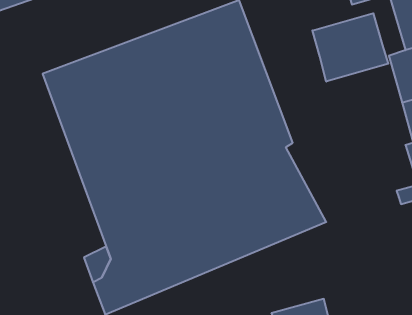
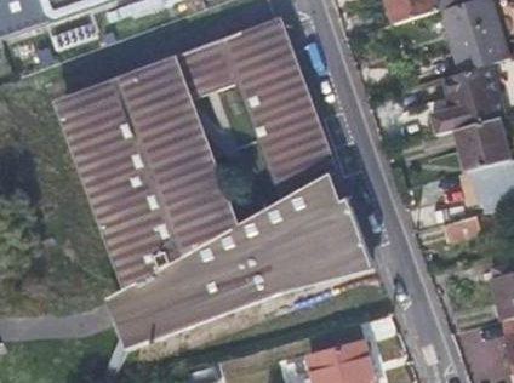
building: [312,13,388,82] -> none

